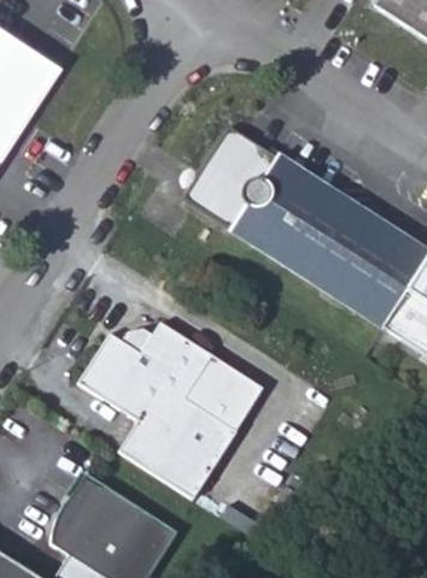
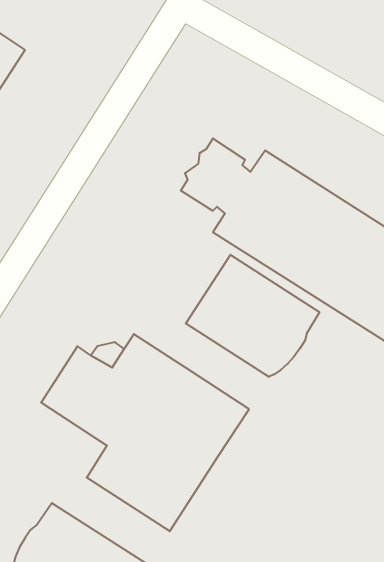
building: none -> [186,255,319,377]

